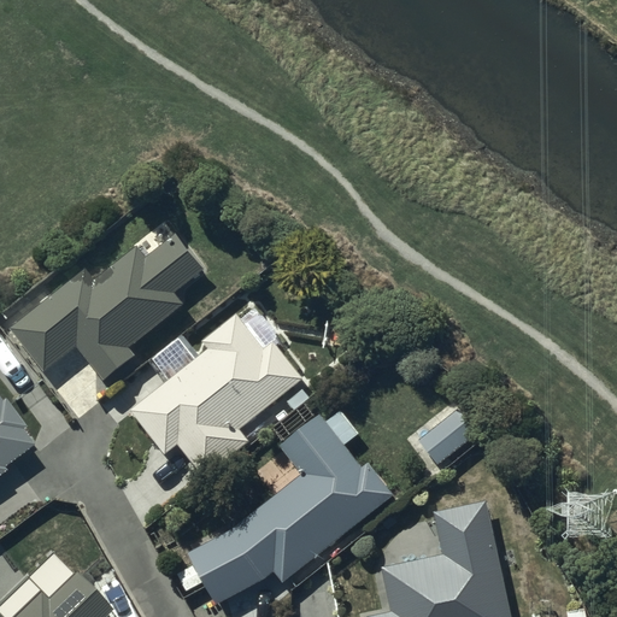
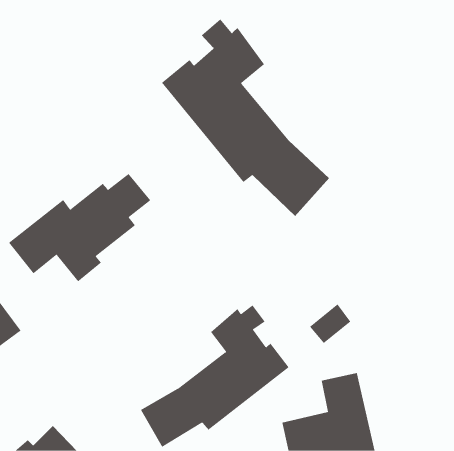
building: none -> [161,18,330,217]
building: [131,302,302,477] -> none

